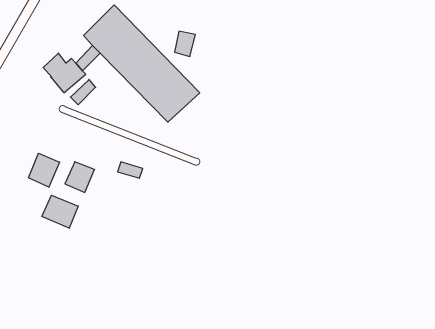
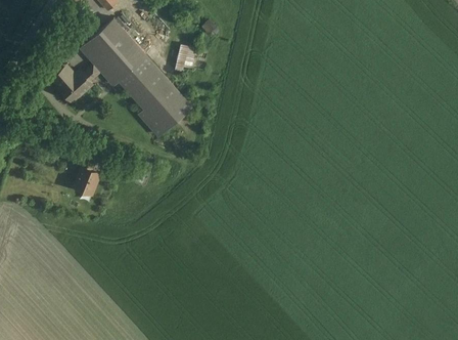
building: [29,153,60,187] -> none
building: [42,195,78,228] -> none

